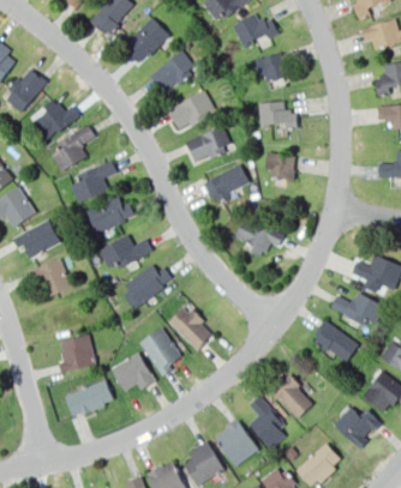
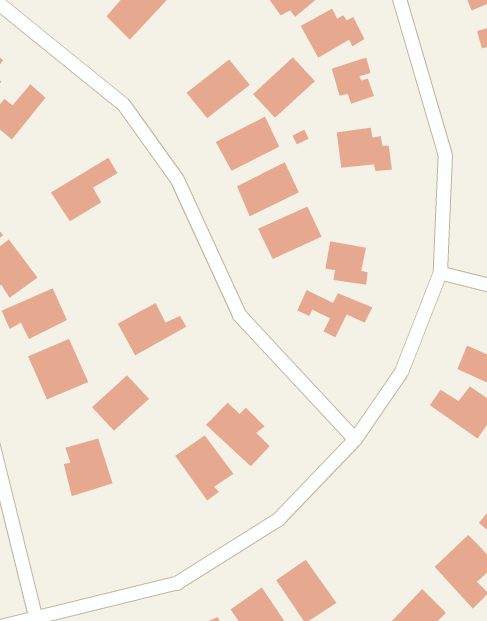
building: [124,19,170,65] -> [252,56,316,119]
building: [34,98,68,141] -> none
building: [265,152,298,185] -> [324,241,369,285]
building: [65,157,119,204] -> none
building: [88,195,131,233] -> none
building: [122,259,166,301] -> [91,374,150,432]
building: [309,317,360,365] -> none
building: [114,351,154,388] -> none
building: [270,374,315,417] -> none
building: [66,376,112,417] -> none
building: [247,393,283,447] -> none

